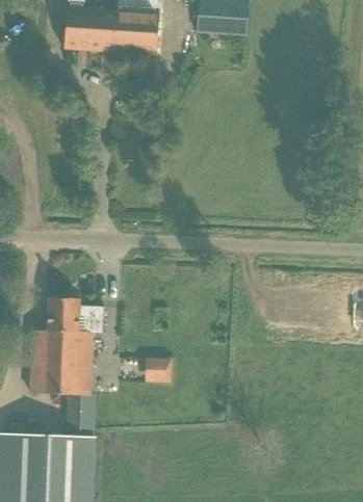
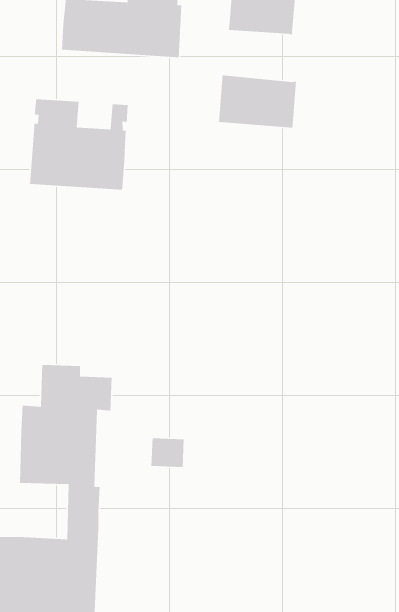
building: none -> [218,75,297,129]
building: none -> [29,98,128,191]

